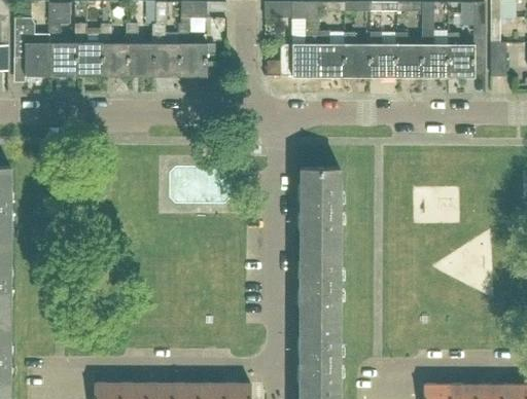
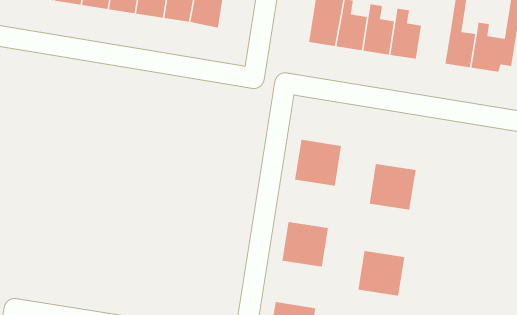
building: [395,33,422,77] -> none
building: [300,207,339,246] -> [369,163,416,211]
building: [300,284,339,322] -> [358,250,405,297]

